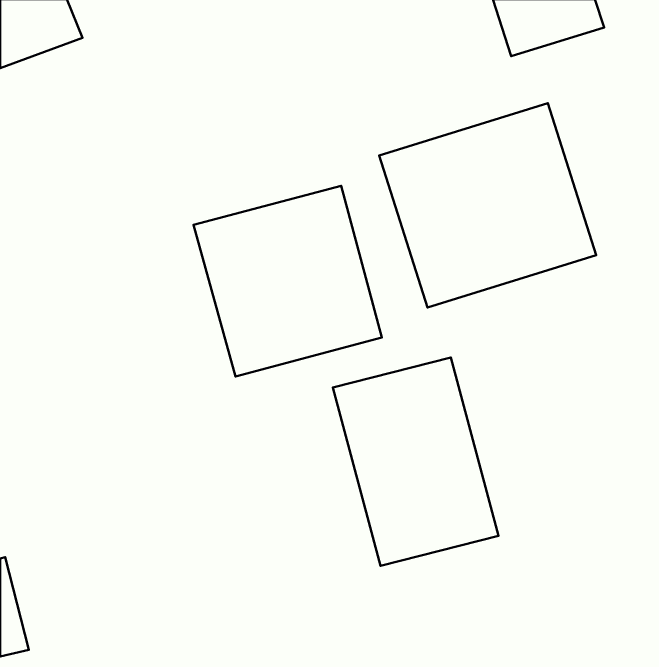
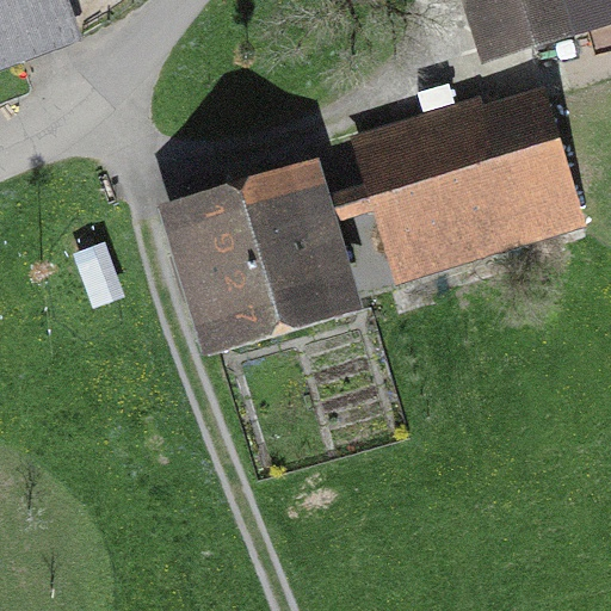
building: [333,357,498,566] -> none

